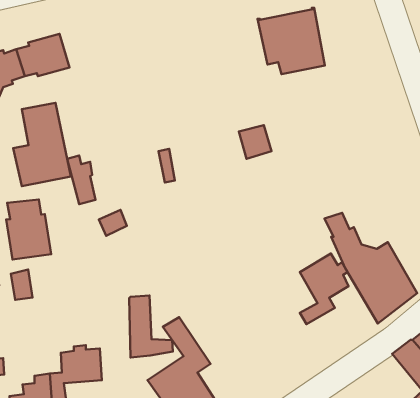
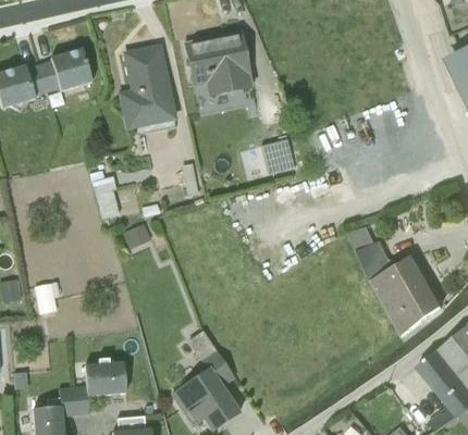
building: [258,8,325,74] -> [185,28,253,95]
building: [13,103,71,186] -> [118,45,175,128]
building: [6,200,51,259] -> none
building: [300,254,348,324] -> none
building: [129,295,173,358] -> none

